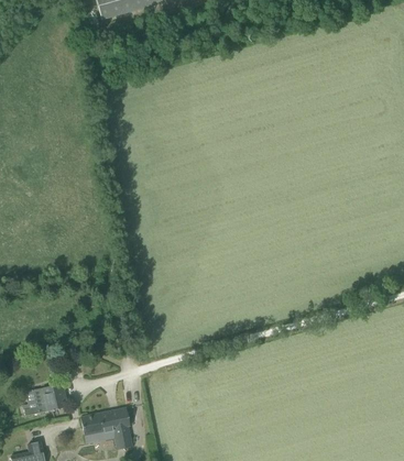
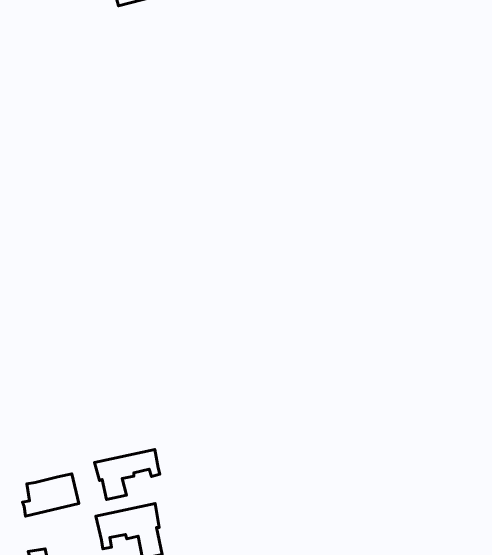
building: none -> [95,450,160,500]

